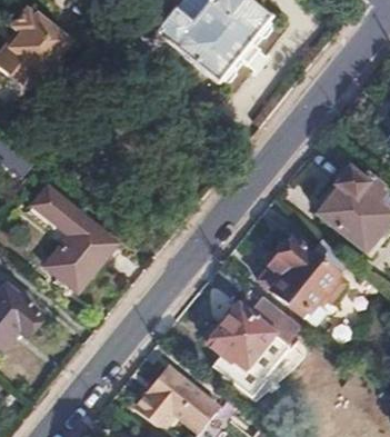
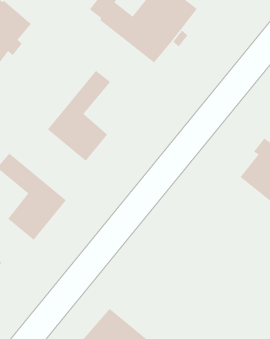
building: none -> [47,70,111,162]
building: [258,236,348,309] -> none
building: [204,290,297,369] -> none

